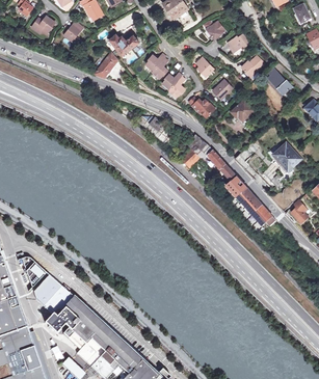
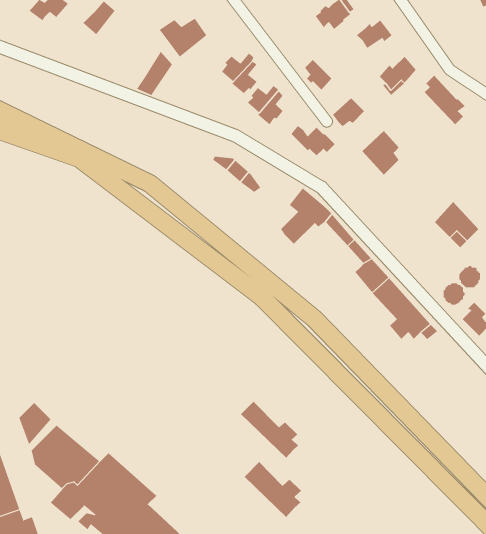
building: none -> [240,401,299,459]
building: none -> [244,461,302,518]

